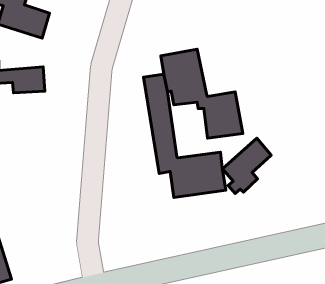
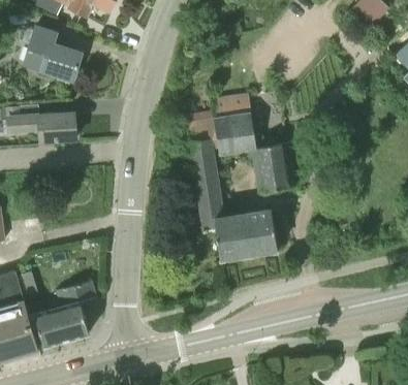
building: [222,138,271,194] -> none
building: none -> [35,281,97,346]

